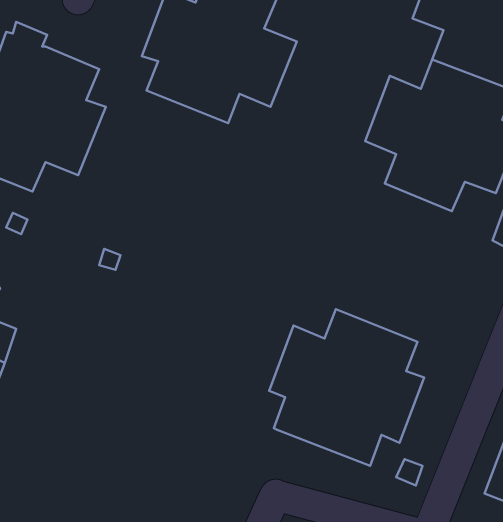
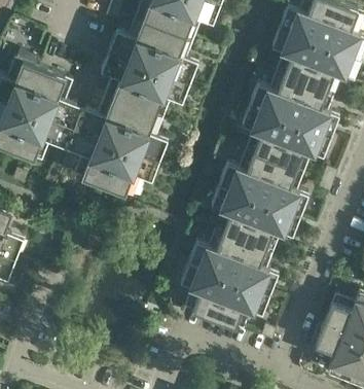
building: none -> [68,94,167,197]
building: none -> [210,152,308,252]

